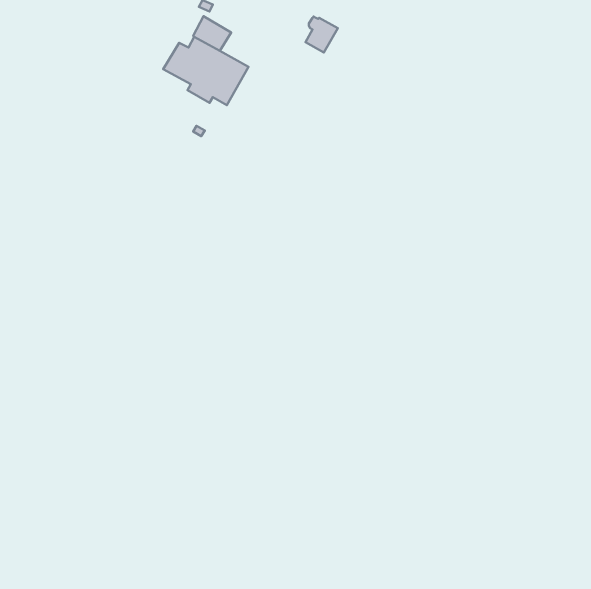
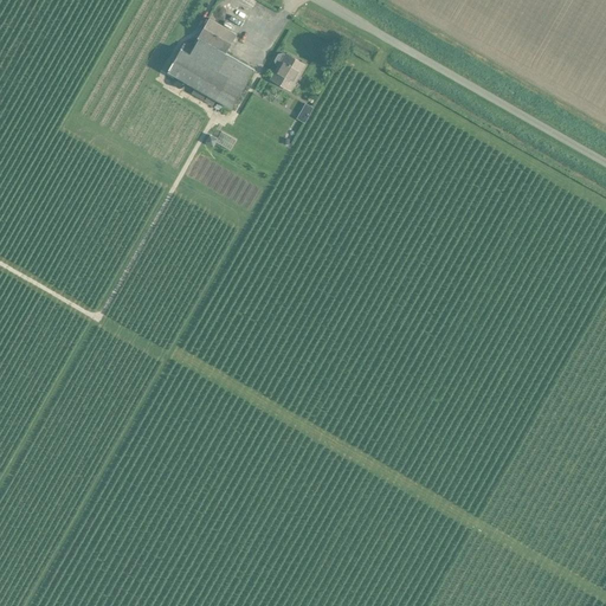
building: [305,17,338,52] -> [271,52,304,89]

